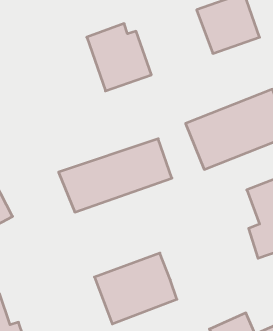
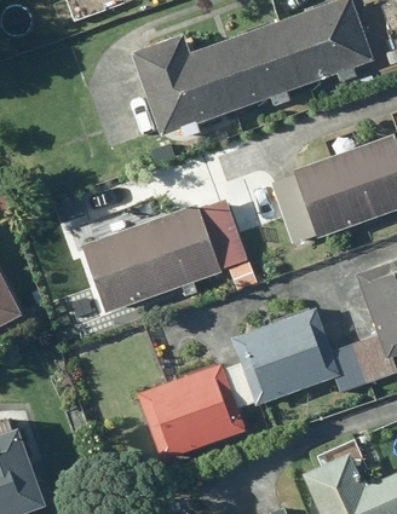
building: none -> [197,21,306,112]
building: none -> [231,302,370,403]

